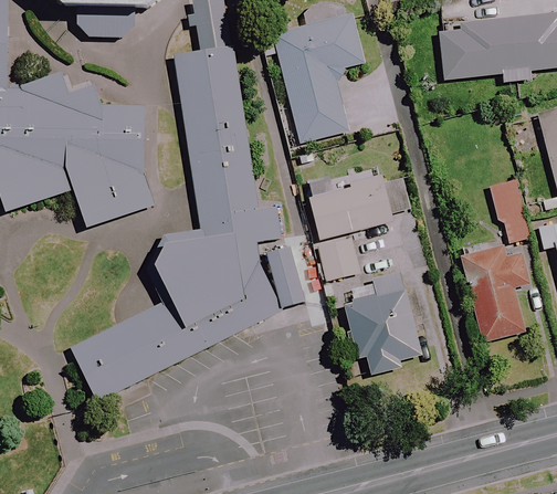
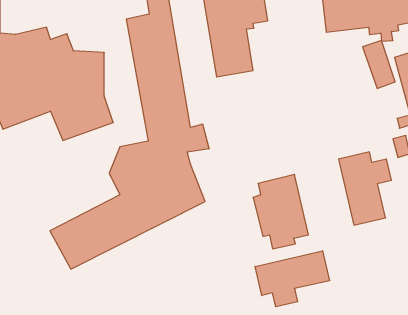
building: [306,170,393,280] -> none
building: [488,177,533,242] -> [363,40,395,88]
building: [262,243,307,308] -> none
building: none -> [255,251,330,307]

